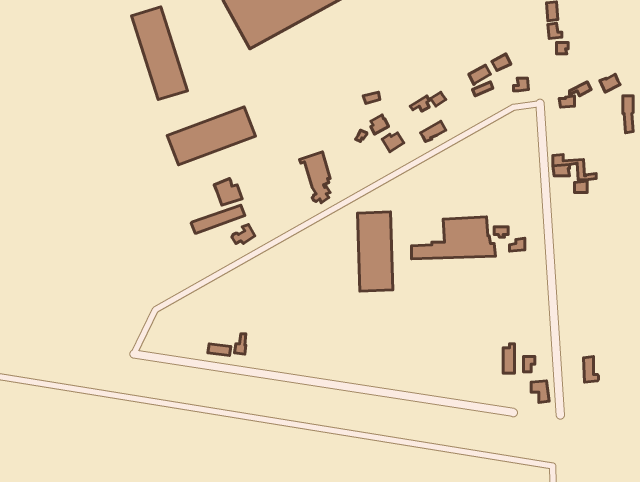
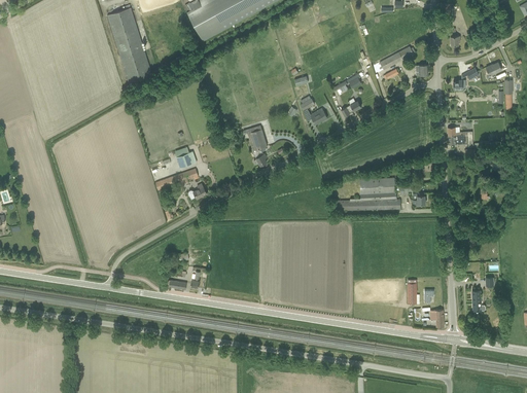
building: [167,107,255,165] -> none
building: [357,212,393,291] -> none

